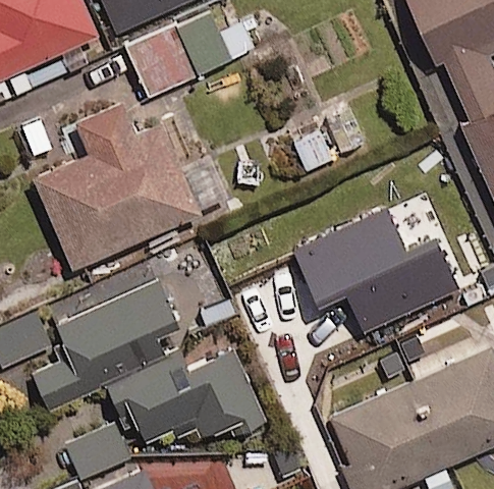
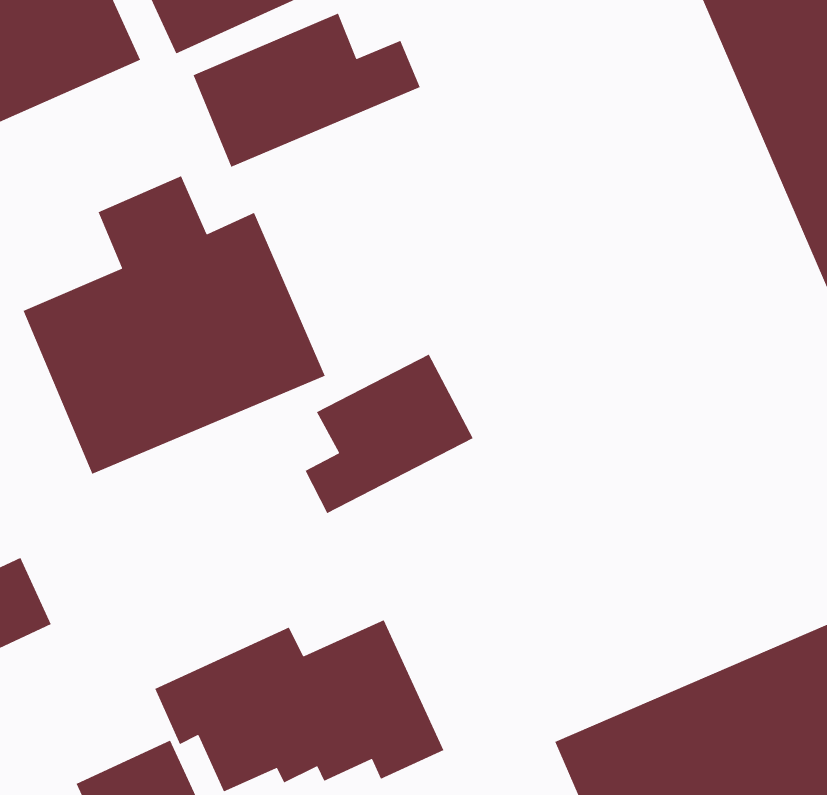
building: none -> [304,354,474,514]
building: [294,209,463,340] -> none
building: [33,280,178,408] -> none

